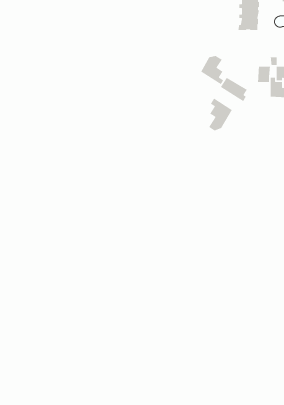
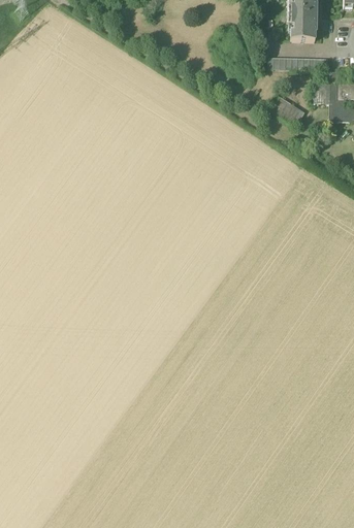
building: [200,55,224,85] -> none
building: [208,98,233,131] -> none

